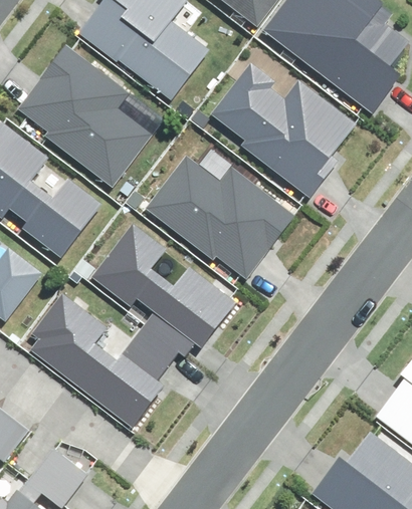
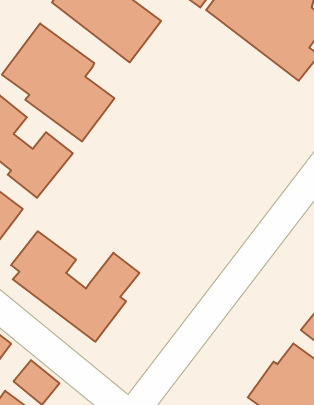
building: [209,61,356,193] -> none
building: [151,158,294,276] -> none
building: [91,224,237,355] -> none

